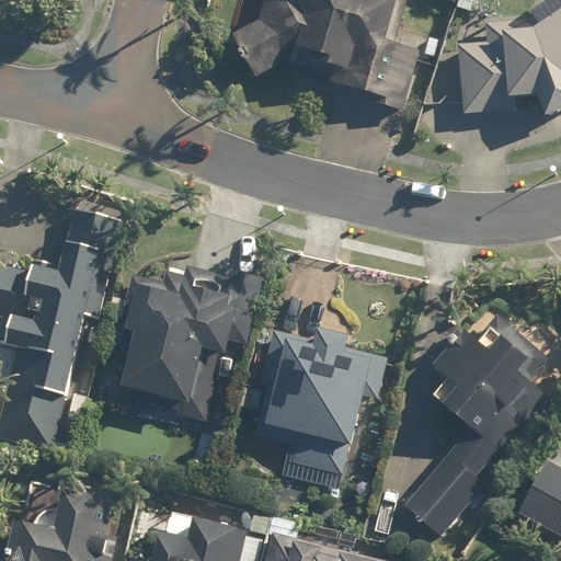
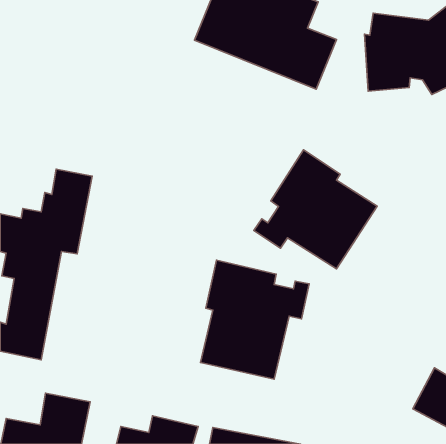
building: none -> [254,150,377,269]
building: [119,259,242,402] -> none
building: [404,310,554,537] -> none

